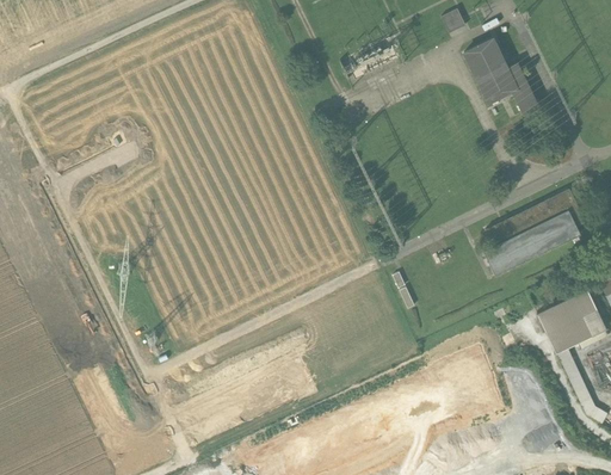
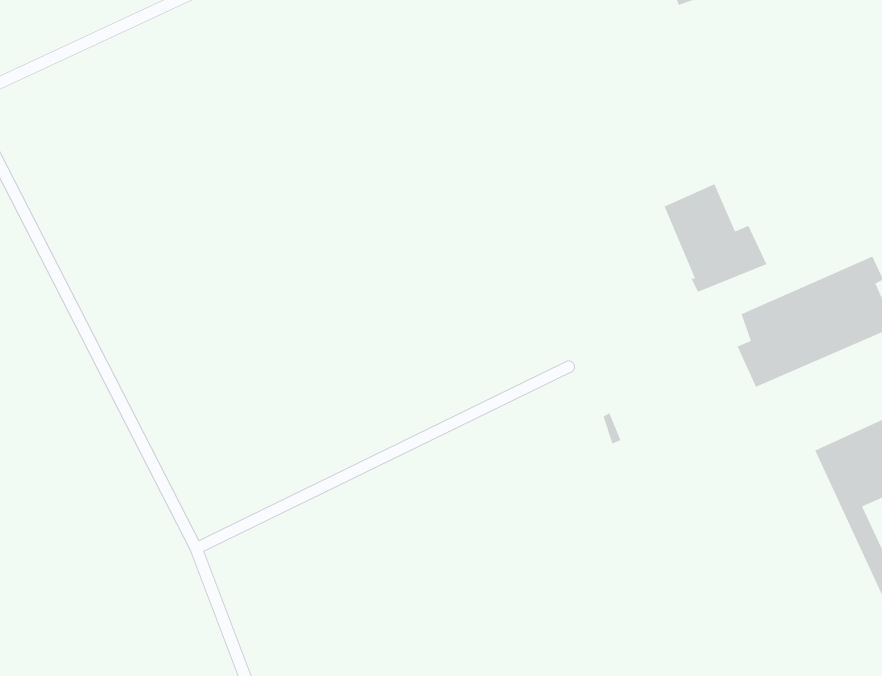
building: [467,37,532,106] -> [664,183,768,293]

